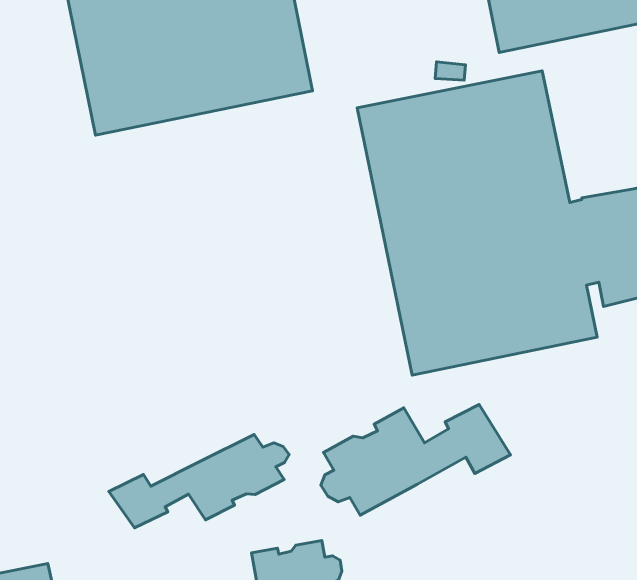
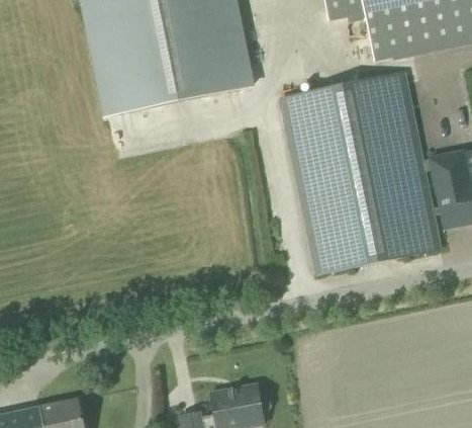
building: [321,404,510,515] -> none
building: [109,434,289,528] -> none

